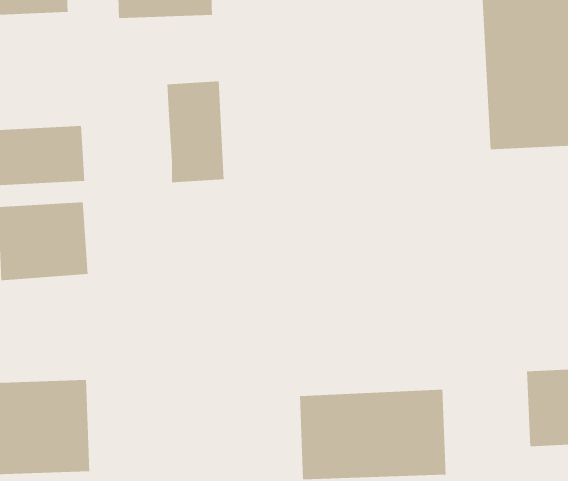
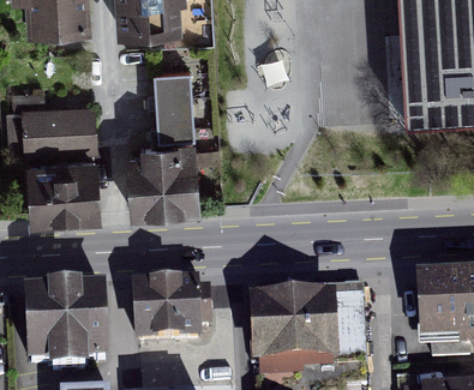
building: none -> [133,145,200,208]
building: none -> [133,283,204,340]

